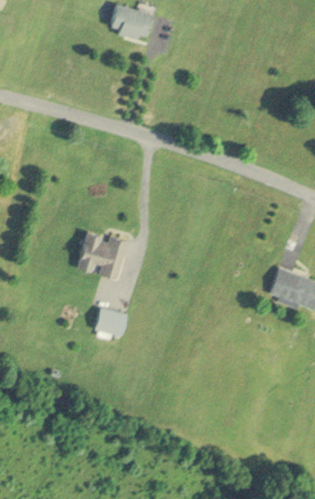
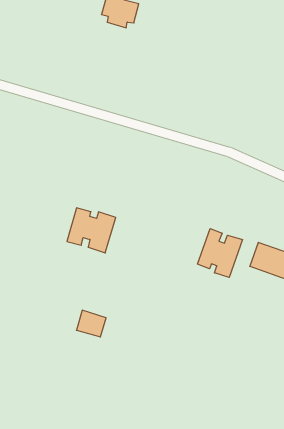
building: none -> [198,229,242,277]
building: [93,309,125,337] -> [76,310,106,337]

